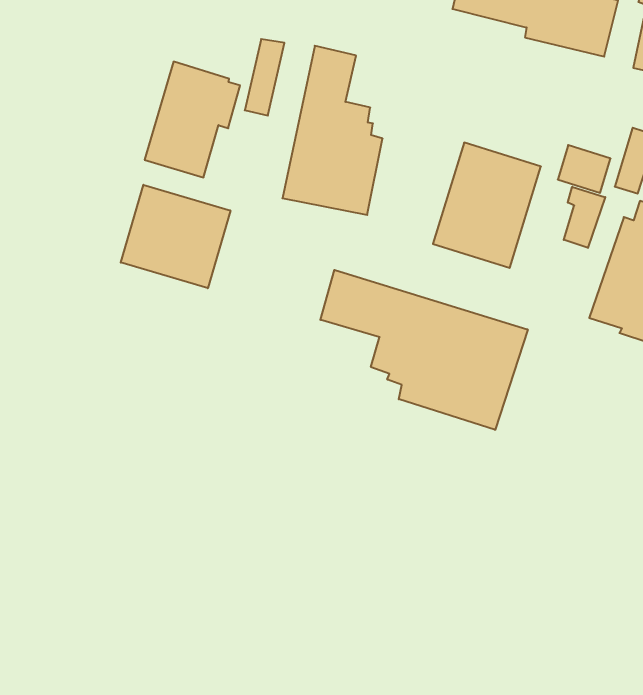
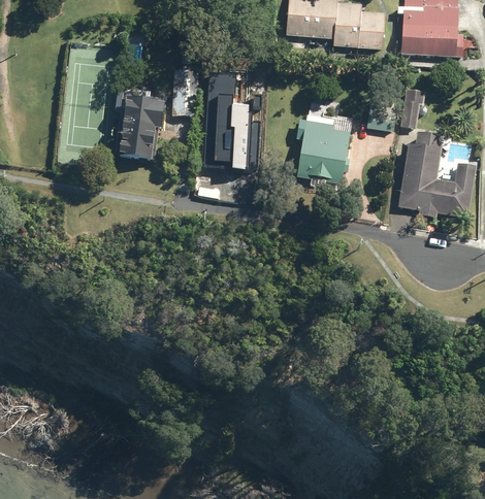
building: [121,185,230,288] -> none
building: [564,187,605,248] -> none
building: [320,270,528,430] -> none

